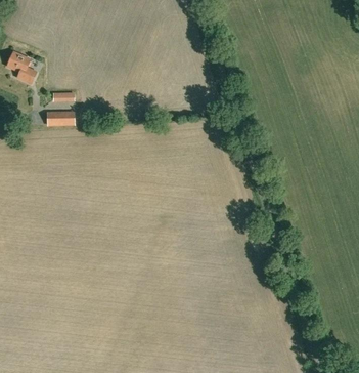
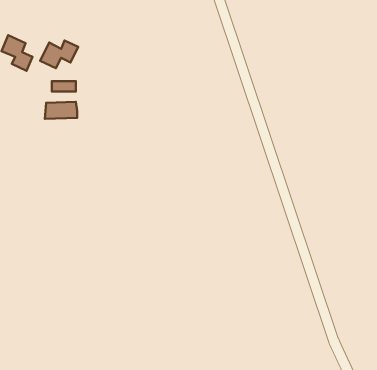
building: none -> [40,41,78,68]

